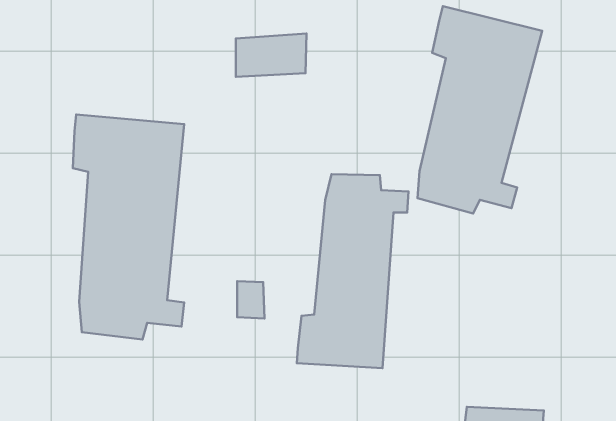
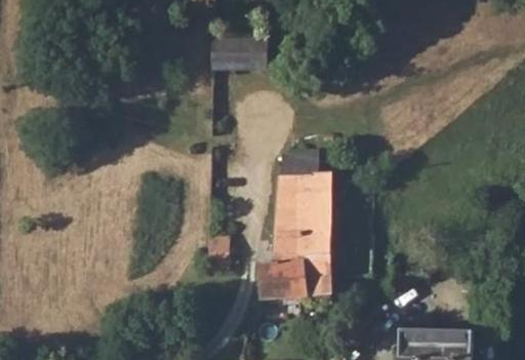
building: [418,6,542,214] -> none
building: [73,114,184,339] -> none

